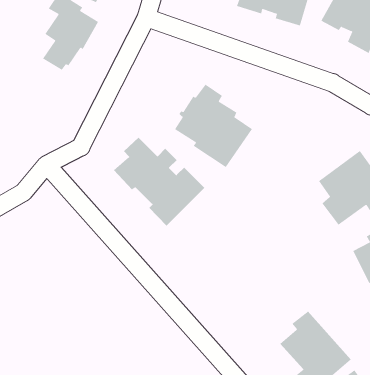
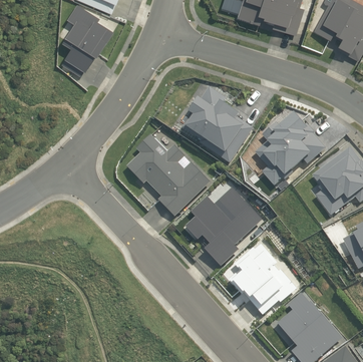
building: none -> [255,112,325,186]
building: none -> [186,187,263,265]
building: none -> [229,243,297,314]

